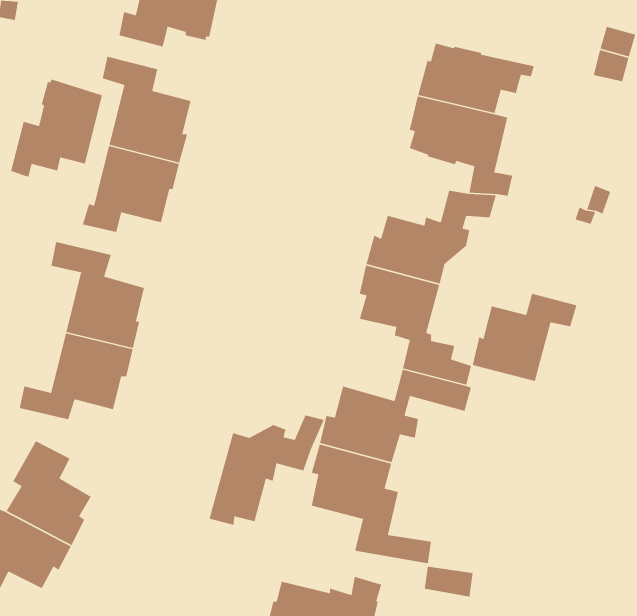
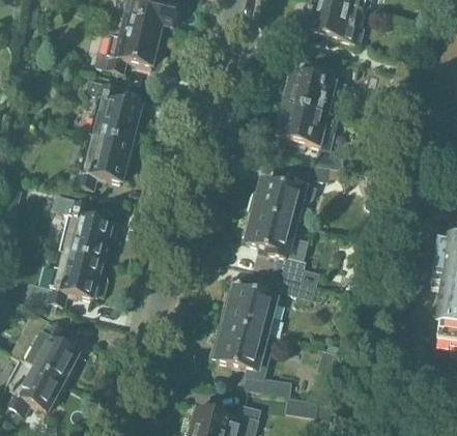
building: [10,78,103,178] -> none
building: [472,293,577,382] -> none
building: [209,414,325,526] -> none

